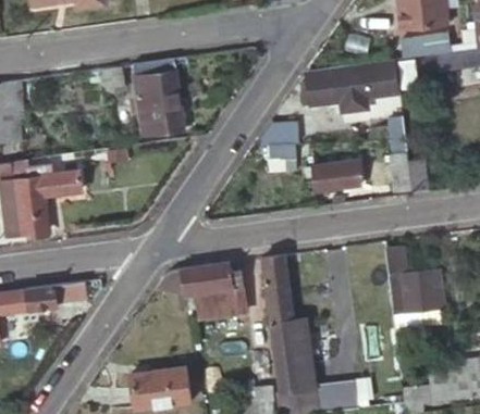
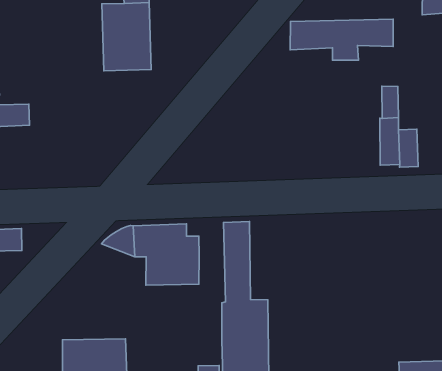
building: [264,122,297,172] -> none
building: [312,159,361,189] -> none
building: [385,244,444,328] -> none

